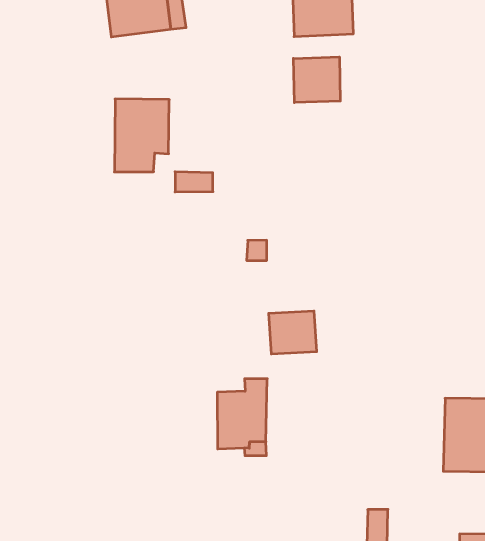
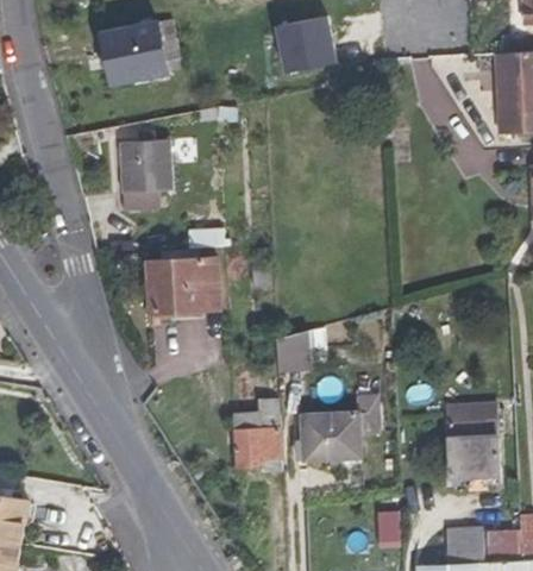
building: [293,57,340,103] -> none
building: none -> [148,257,218,312]
building: none -> [300,395,381,459]

